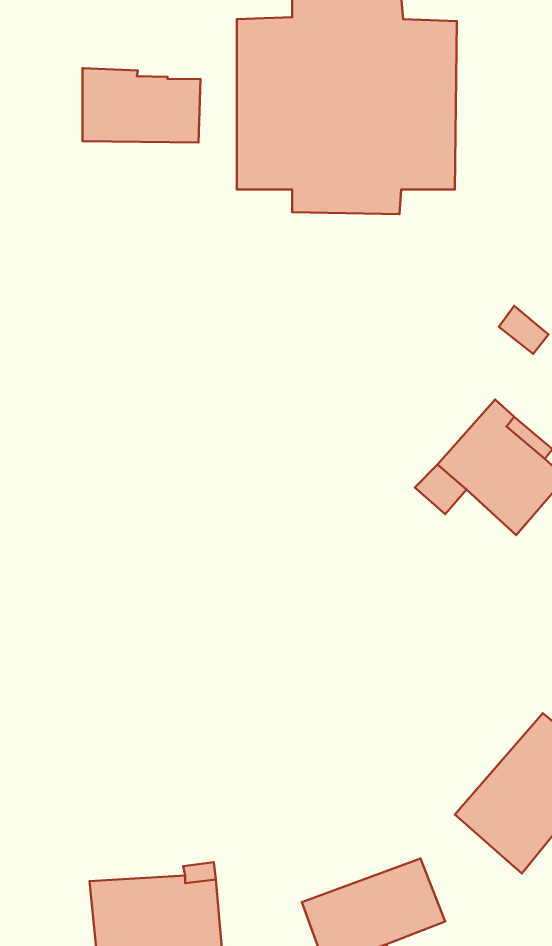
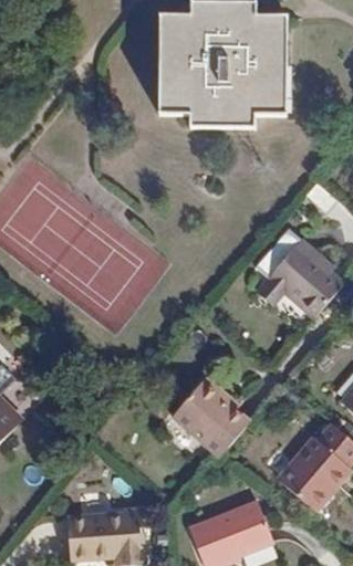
building: [82,68,200,142] -> none
building: none -> [173,380,248,457]

